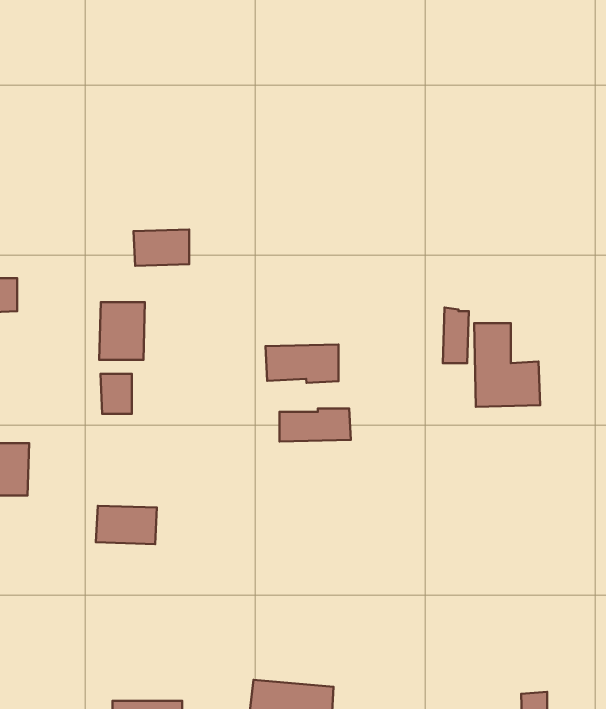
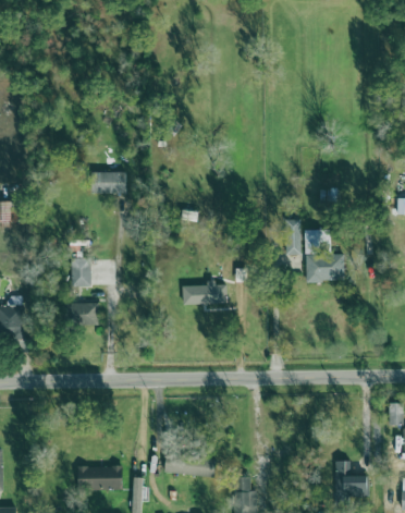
building: [99,302,145,360] -> none
building: [266,344,339,383] -> none
building: [96,506,157,544] -> [61,303,99,327]

